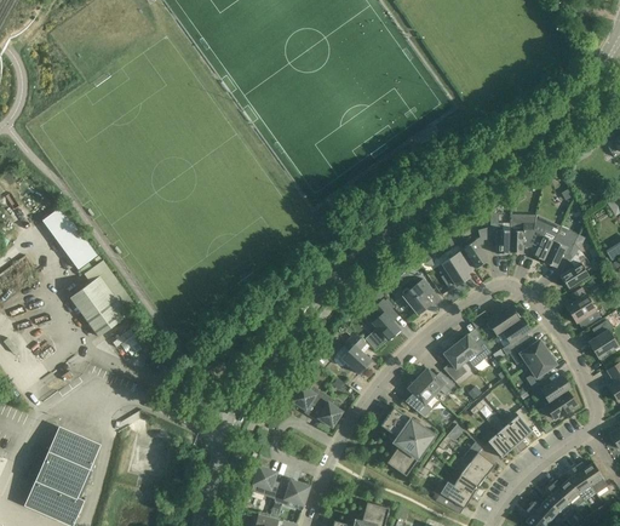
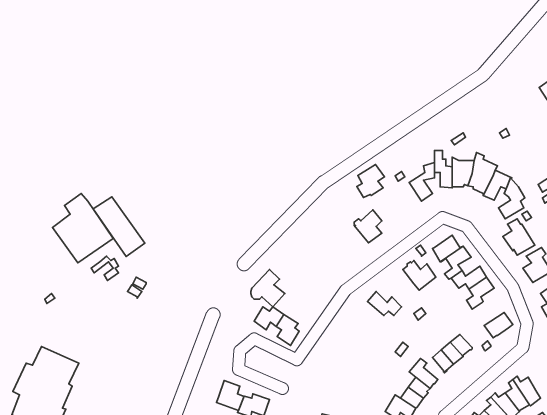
building: [39,205,96,270] -> [93,197,145,256]
building: [441,252,471,288] -> [357,165,384,198]
building: [363,299,400,341] -> none
building: [334,333,372,375] -> [251,269,285,307]
building: [443,344,467,382] -> none
building: [530,377,570,406] -> none
building: [404,379,441,418] -> none
building: [380,407,432,473] -> none

